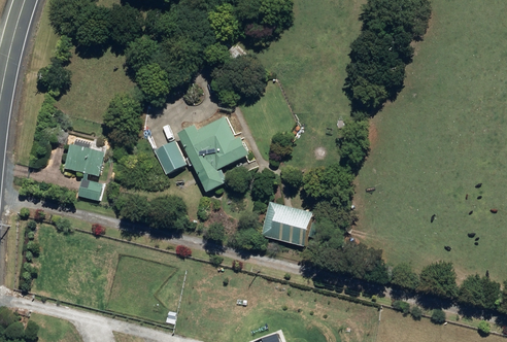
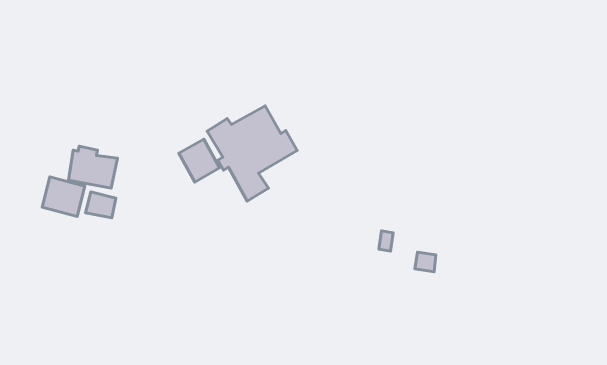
building: none -> [42,177,85,216]
building: [261,201,312,245] -> none

